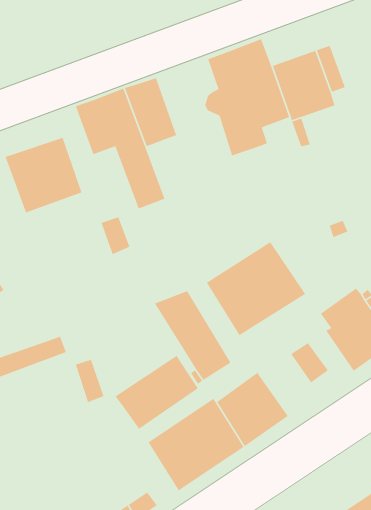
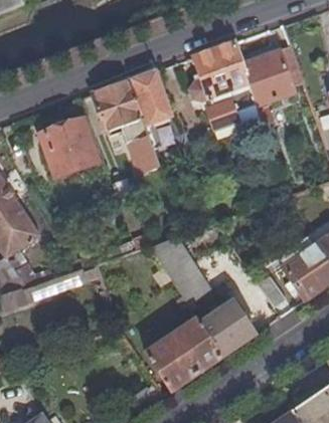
building: [206,241,306,336] -> none
building: [114,355,199,430] -> none

